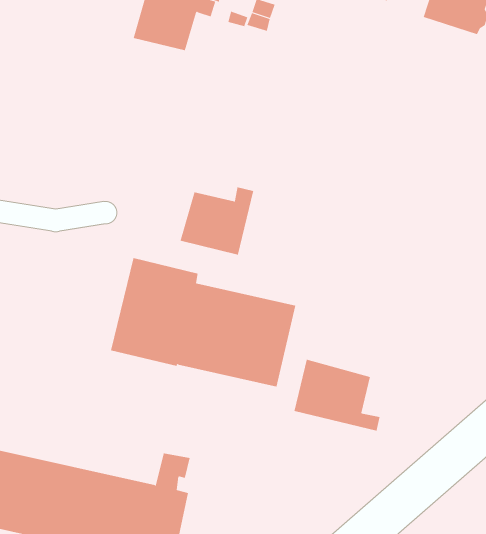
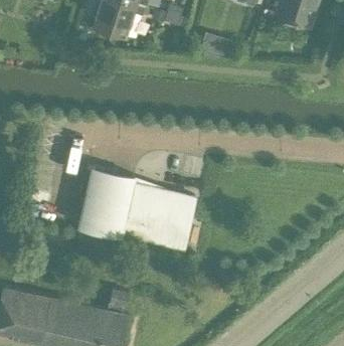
building: [180,187,254,255] -> none
building: [294,359,380,432] -> none

